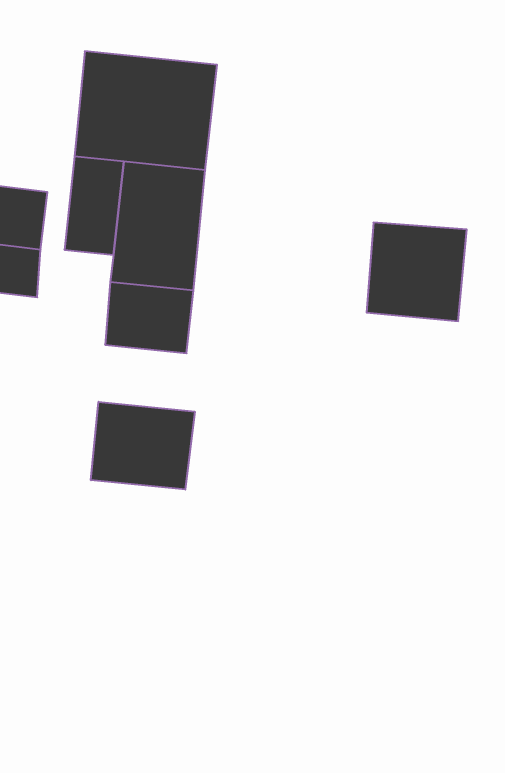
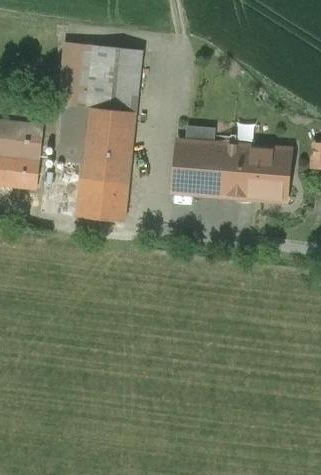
building: none -> [173,139,235,196]
building: [91,402,195,490] -> none

